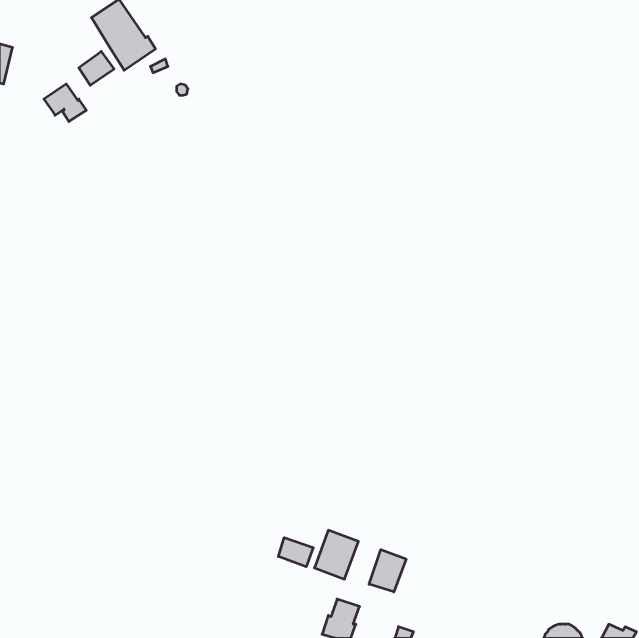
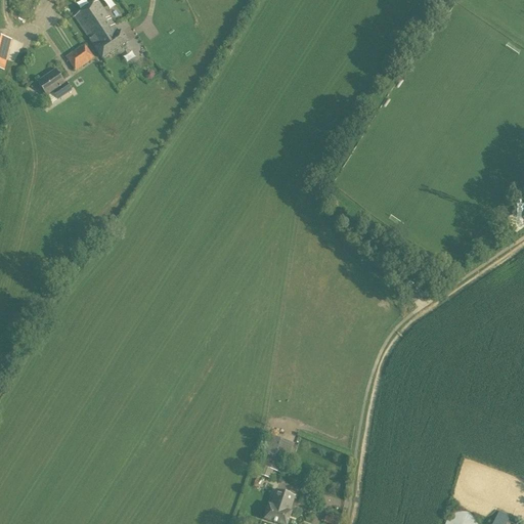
building: [278,538,313,567] -> none
building: [369,550,406,592] -> none

